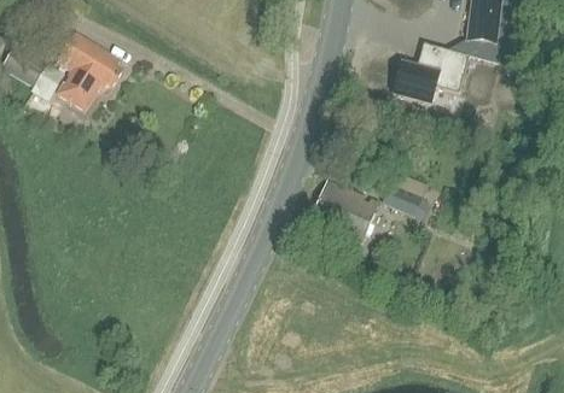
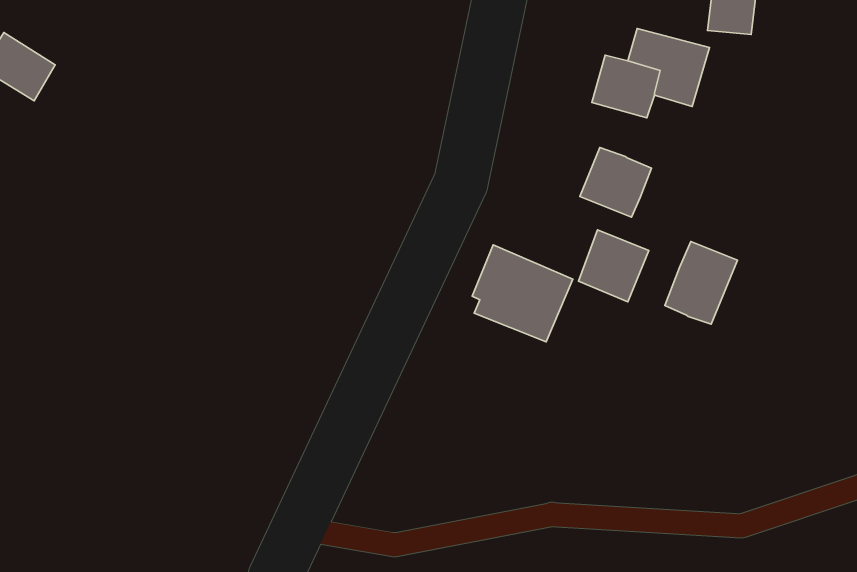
building: [56,35,121,115] -> none
building: none -> [580,148,651,217]
building: none -> [665,241,737,324]

